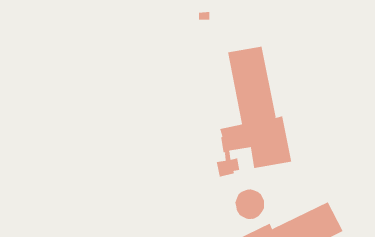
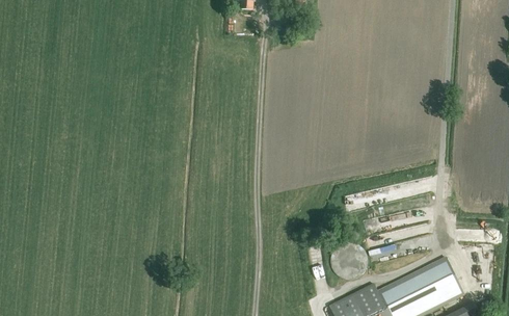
building: [216,46,292,178] -> none

